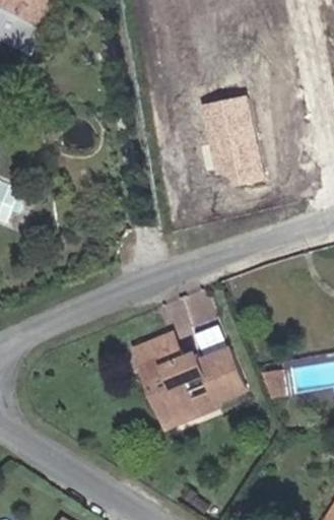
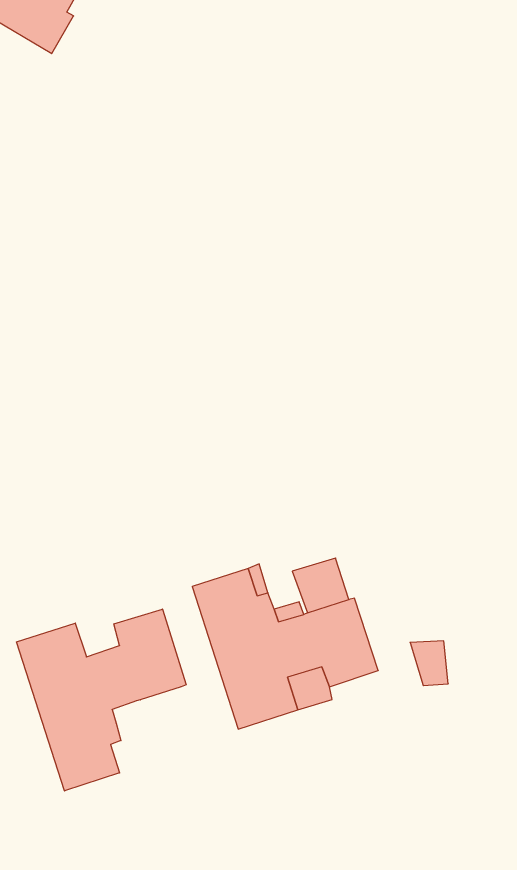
building: [199,98,258,185] -> none
building: none -> [17,609,186,791]

